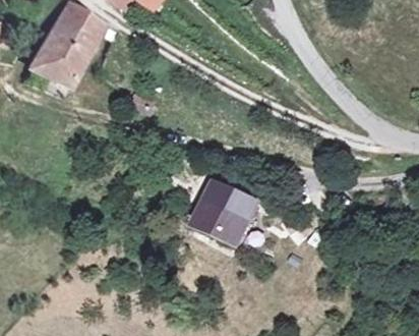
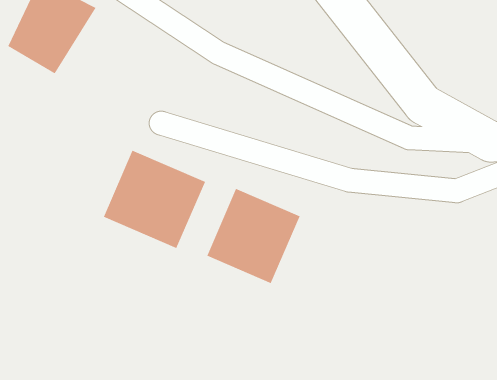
building: none -> [103,150,206,249]

